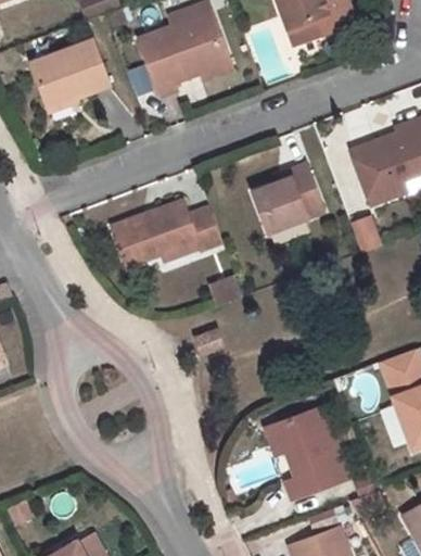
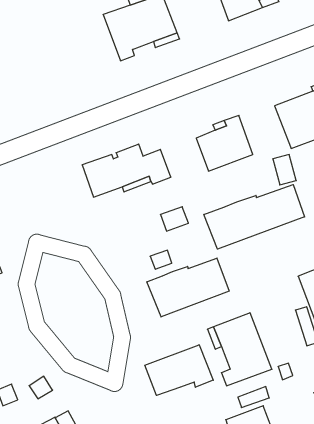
building: [29,39,107,108] -> none
building: none -> [204,185,305,249]
building: none -> [147,258,229,317]
building: none -> [145,345,213,395]

